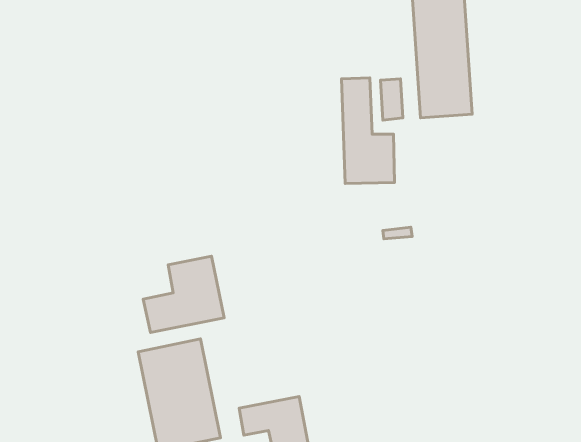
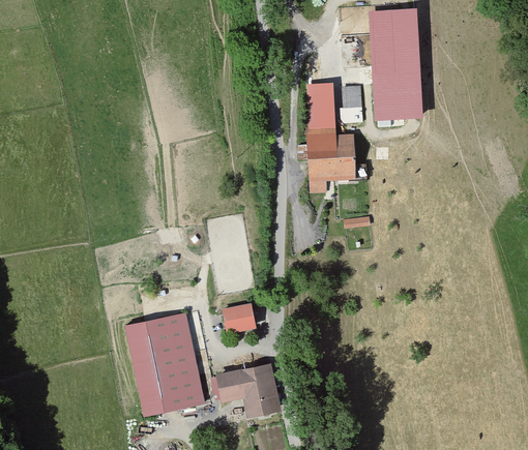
building: [143,256,224,333] -> none
building: none -> [224,303,255,331]

